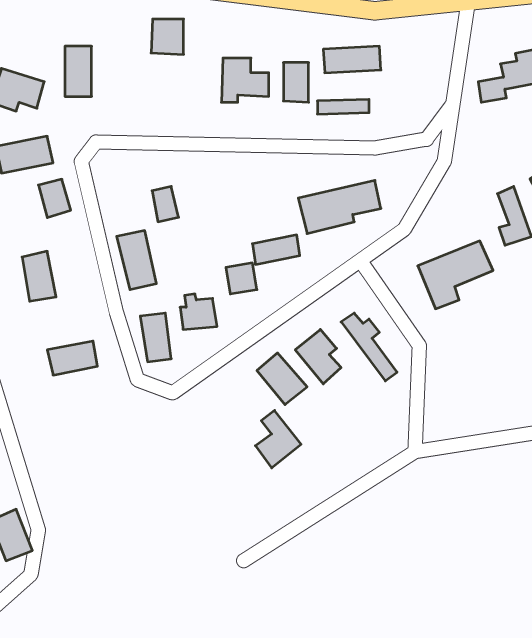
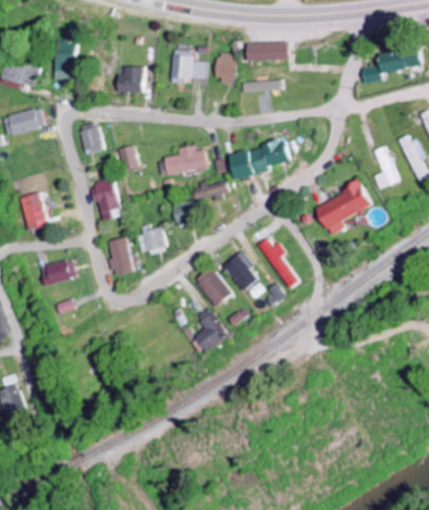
building: [151,19,184,54] -> [118,66,142,92]
building: [38,179,71,218] -> [79,126,103,154]
building: none -> [162,145,207,175]

